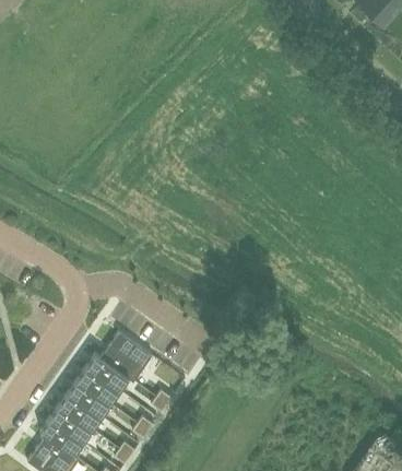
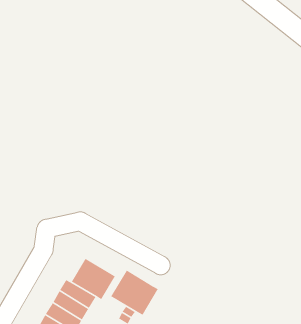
building: none -> [110,269,159,316]

